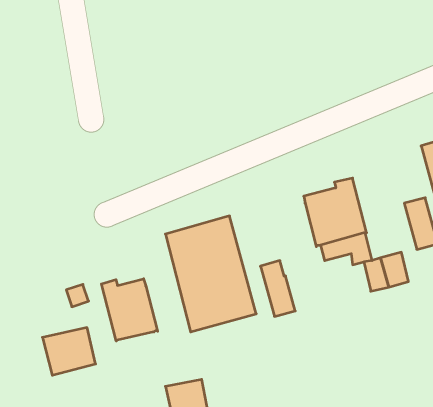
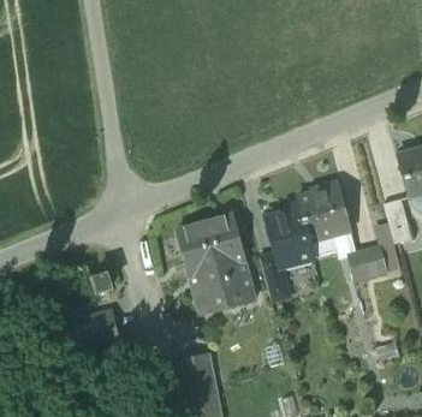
building: none -> [267,203,314,266]
building: [101,279,158,341] -> none

